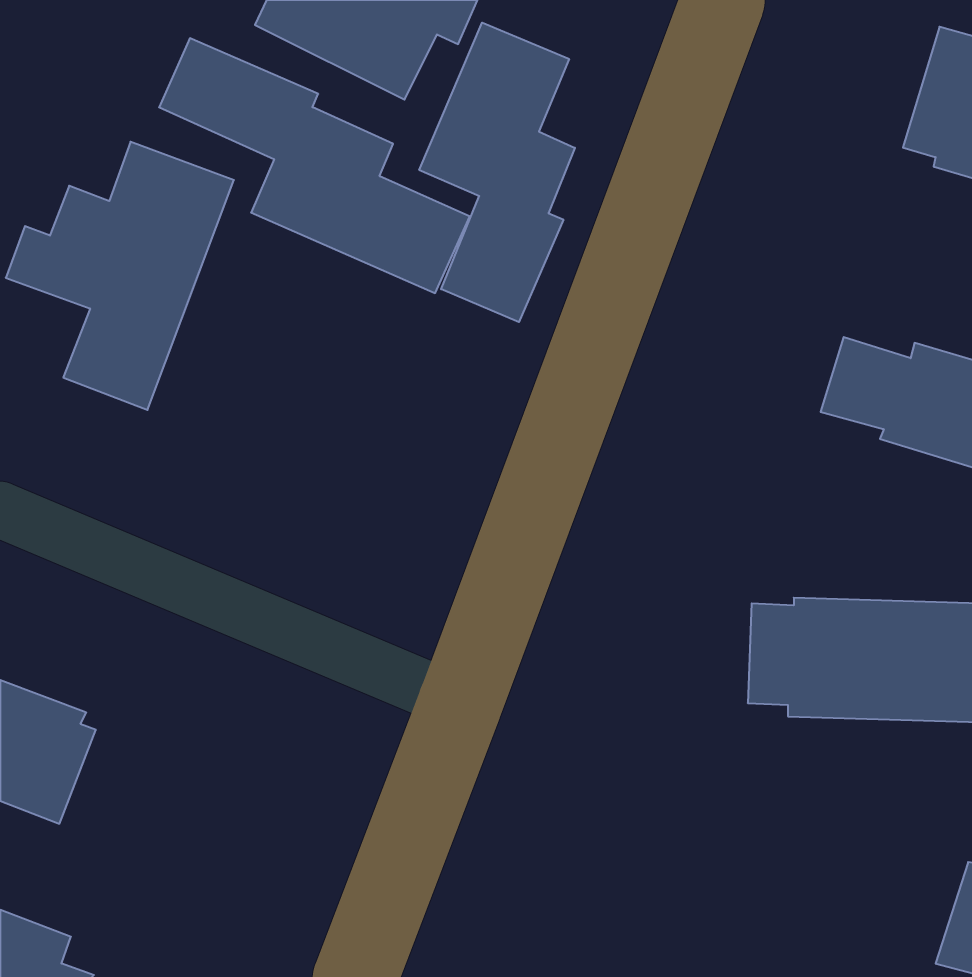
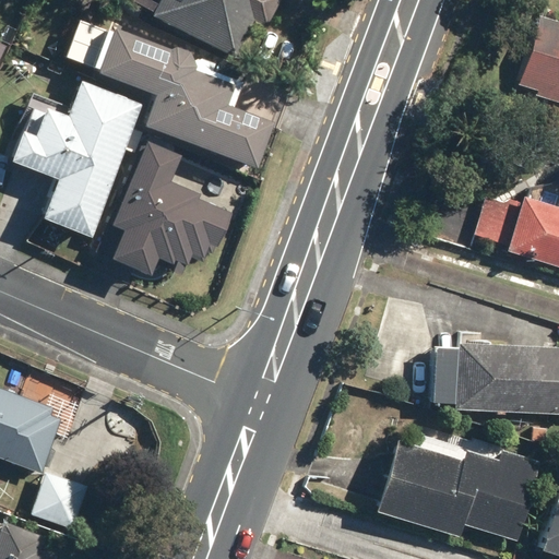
building: [419,23,575,322] -> none
building: none -> [118,143,245,276]
building: none -> [372,439,540,540]
building: none -> [31,469,88,527]

